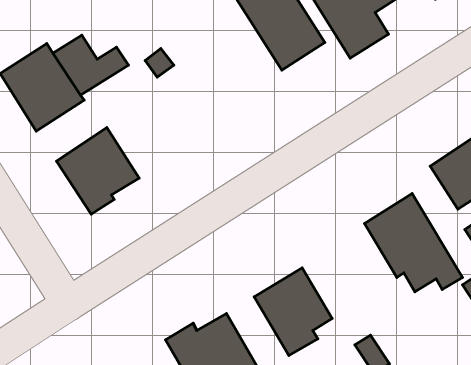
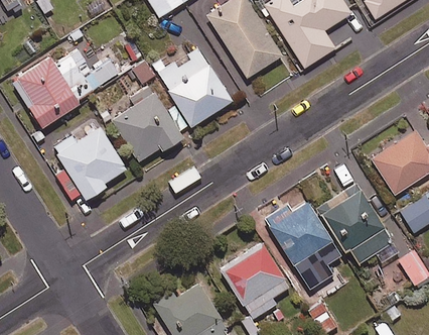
building: none -> [152,47,232,126]
building: none -> [111,86,183,161]
building: none -> [265,201,340,292]

